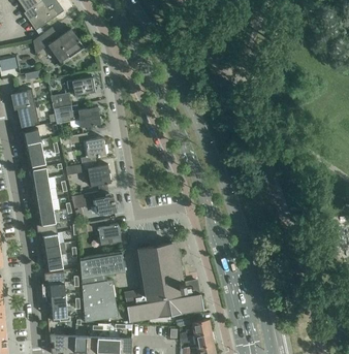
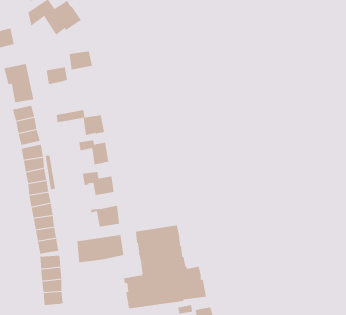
building: [54,106,101,128] -> none
building: [82,281,118,322] -> none

